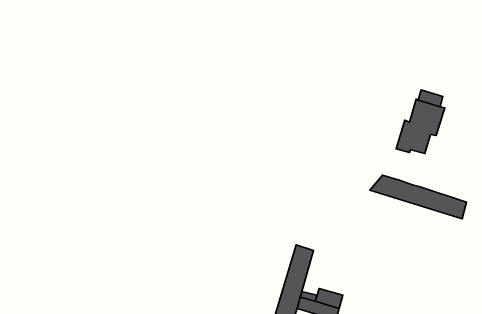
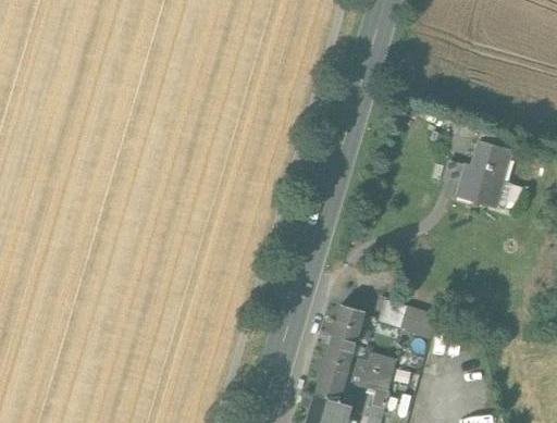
building: [370,175,467,219] -> none
building: none -> [403,307,434,339]

